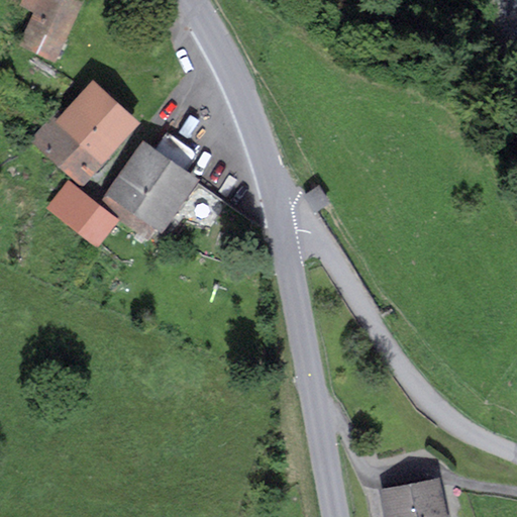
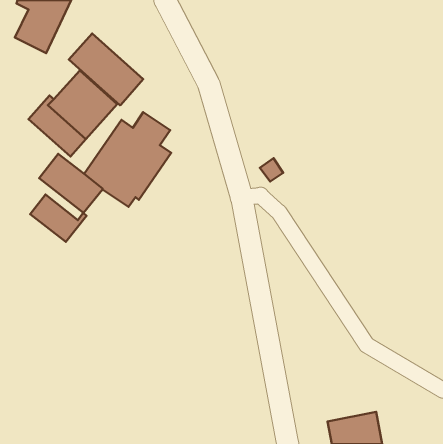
building: none -> [69,33,143,105]
building: none -> [30,194,86,242]

